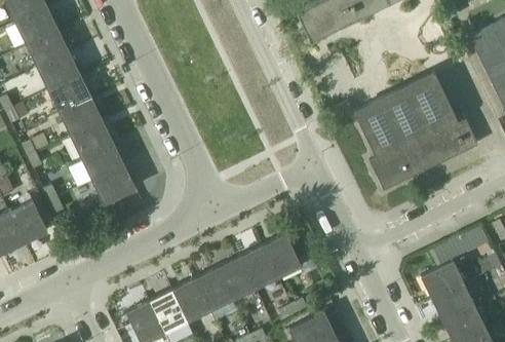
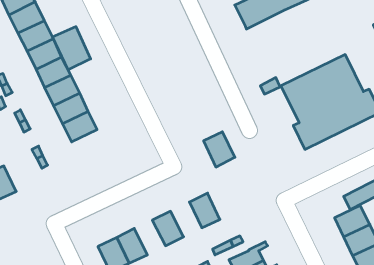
building: none -> [53,27,91,70]
building: [93,166,137,204] -> none
building: [9,200,48,243] -> none
building: [263,234,302,278] -> [204,132,235,167]
building: [217,257,256,300] -> none
building: [171,279,210,322] -> none

